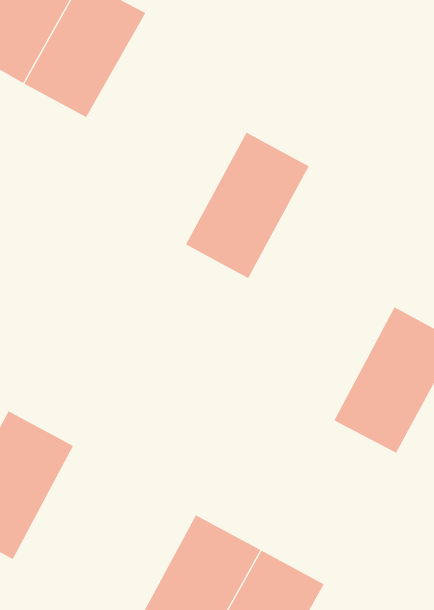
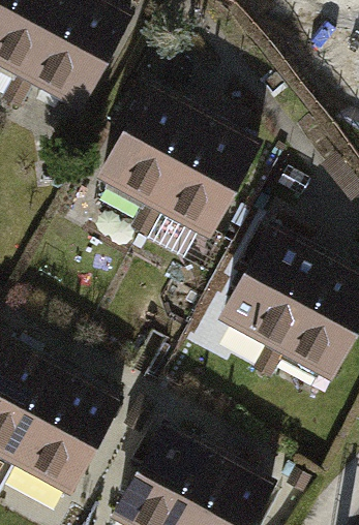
building: none -> [98,88,202,209]
building: none -> [219,230,323,352]
building: none -> [11,373,113,494]

